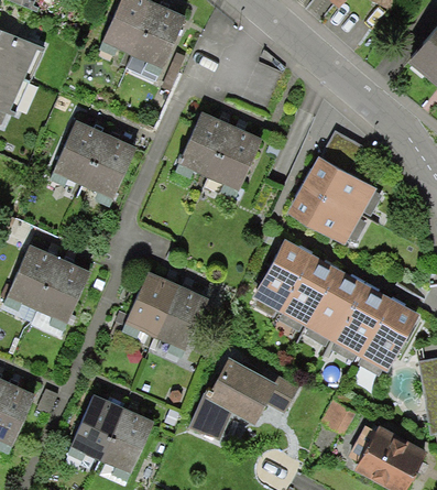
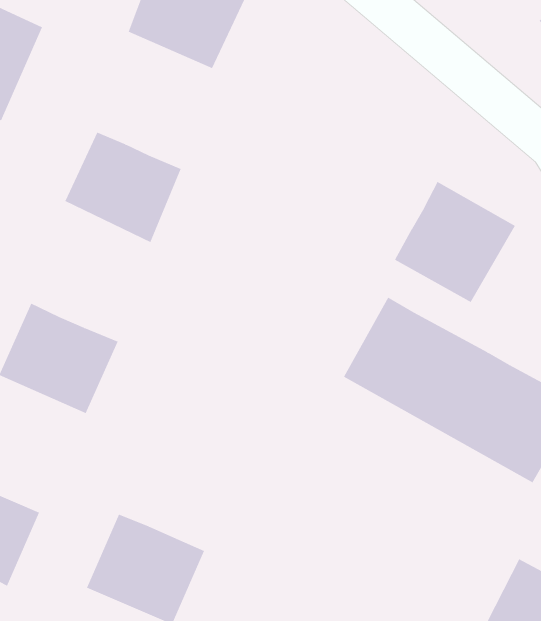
building: [178,112,262,192] -> none
building: [127,272,209,351] -> none
building: [188,358,299,440] -> none

